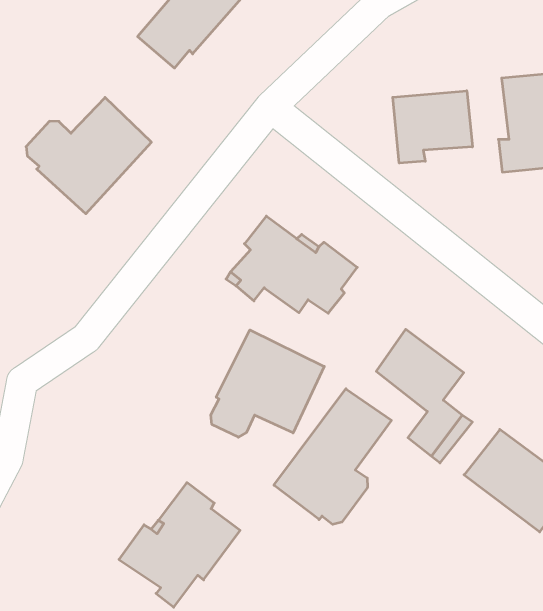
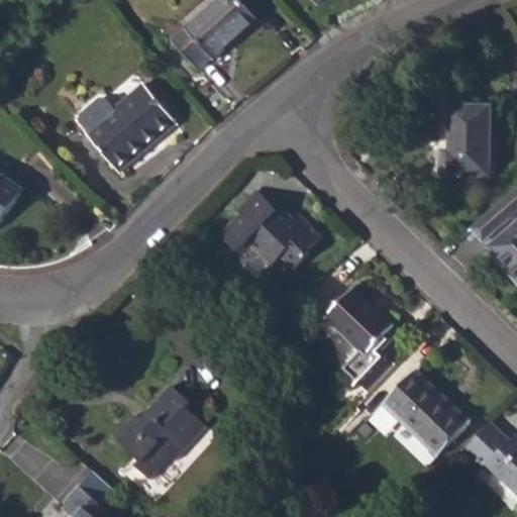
building: [393,91,472,163] -> none
building: [211,330,324,437] -> none
building: [274,389,391,524] -> none

